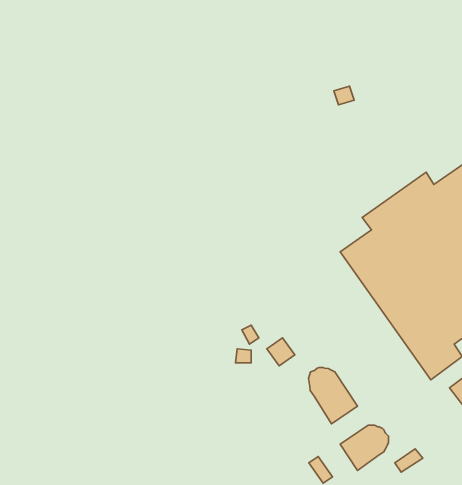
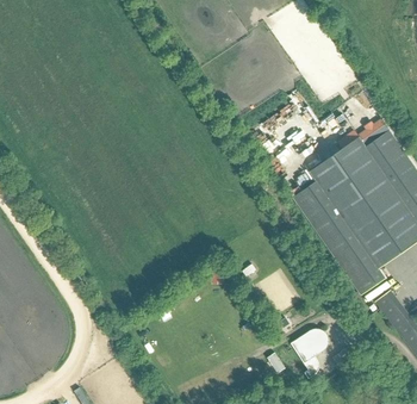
building: [308,367,358,424] -> none

